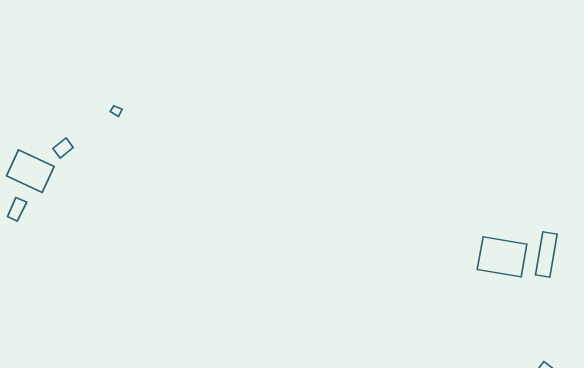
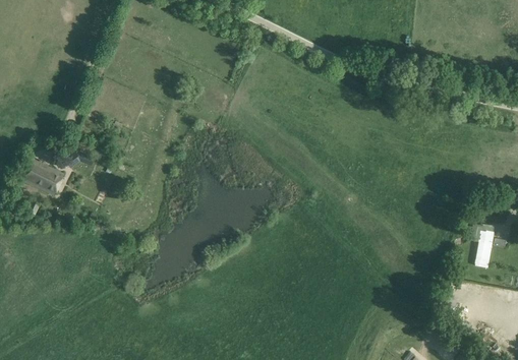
building: [477,237,527,277] -> none

